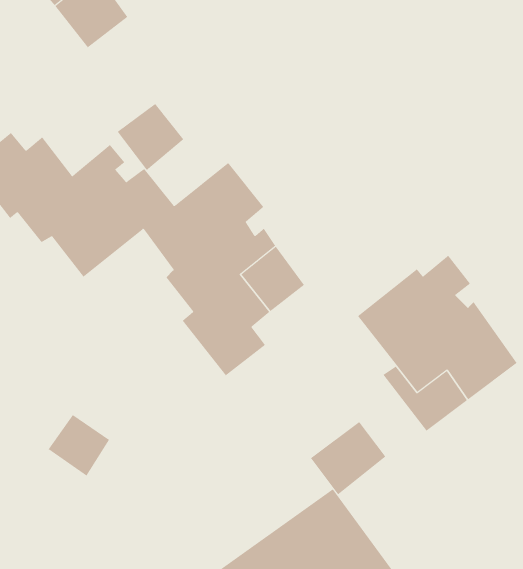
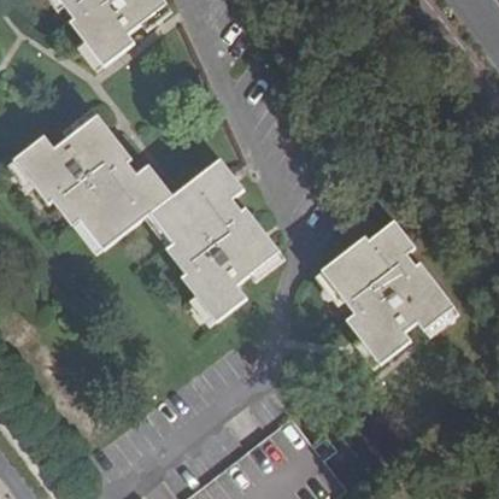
building: [117,103,184,171] -> [66,112,121,166]
building: [48,414,110,476] -> none
building: [310,421,386,495] -> none

